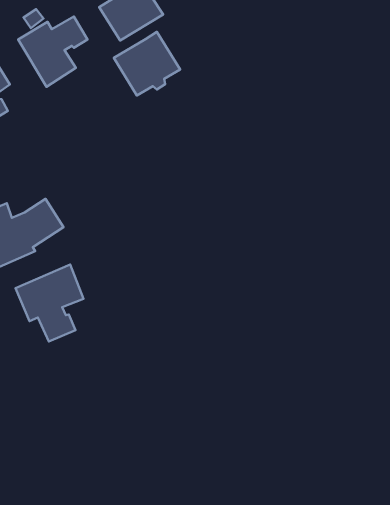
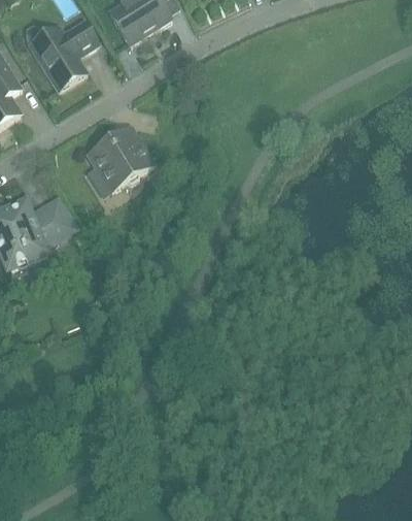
building: [114,32,180,96] -> [89,126,153,189]
building: [15,265,84,342] -> none

